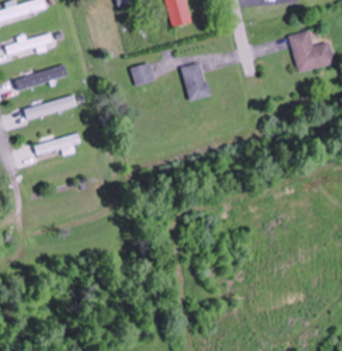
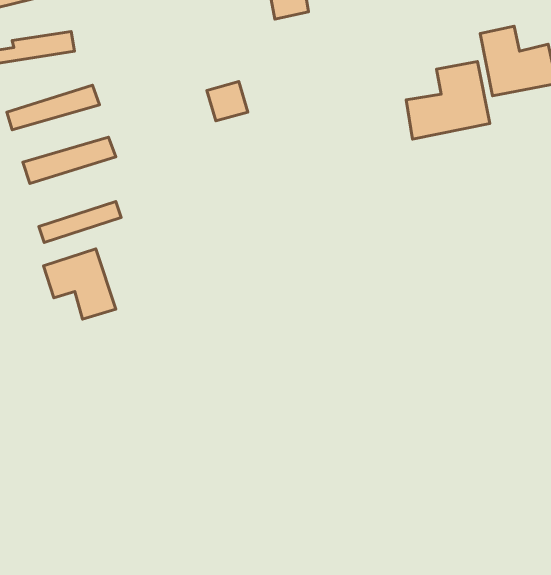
building: none -> [406,61,490,139]
building: [181,62,209,101] -> none
building: none -> [44,249,116,319]

